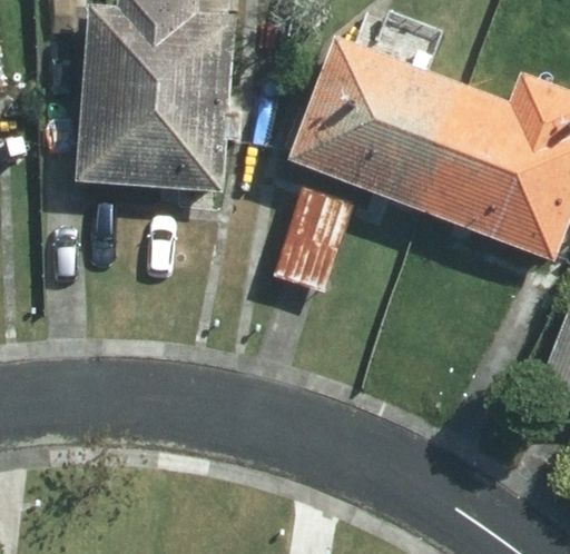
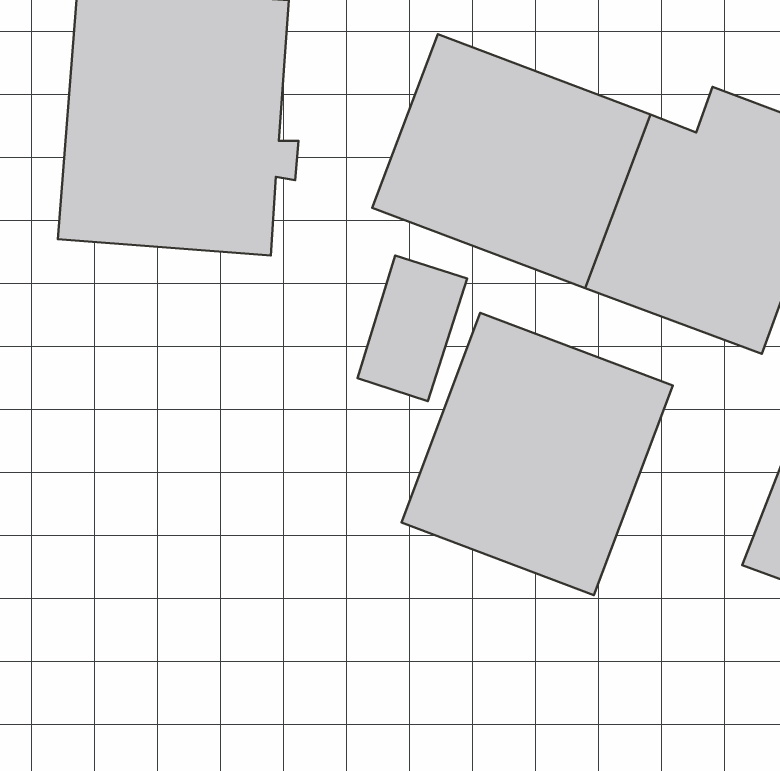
building: none -> [401,313,673,595]

